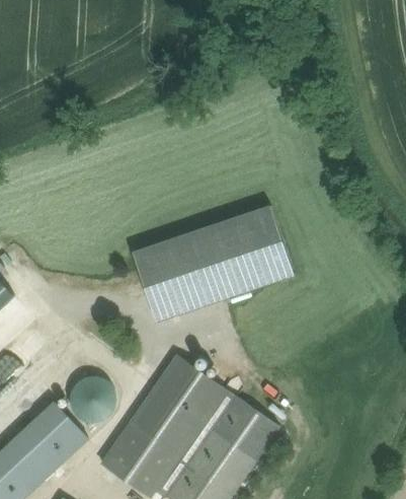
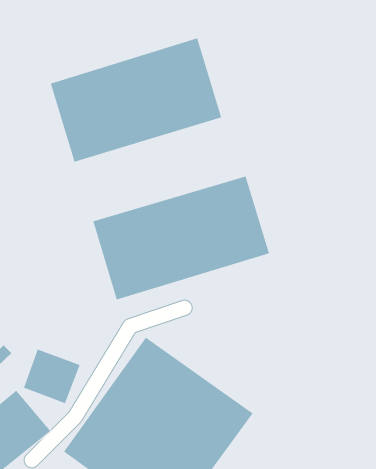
building: none -> [50,38,222,163]

